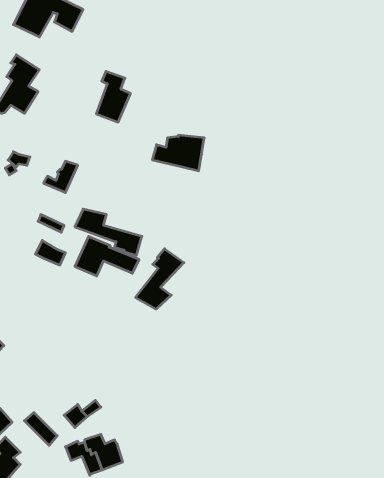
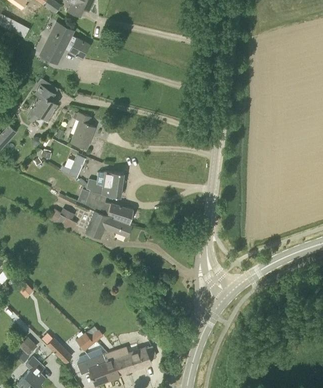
building: [96,71,130,122] -> [70,111,95,148]
building: [152,135,204,171] -> [86,171,124,197]
building: [136,249,184,309] -> none
building: none -> [113,346,156,375]

